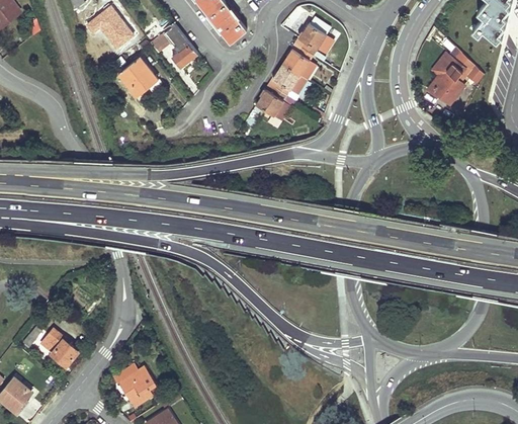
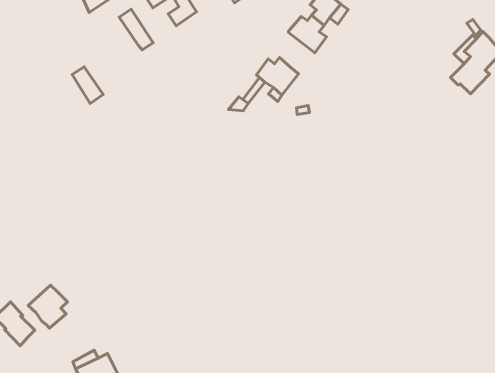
building: [118,65,148,97] -> [72,67,103,103]
building: [272,65,307,101] -> none
building: none -> [28,285,68,328]

